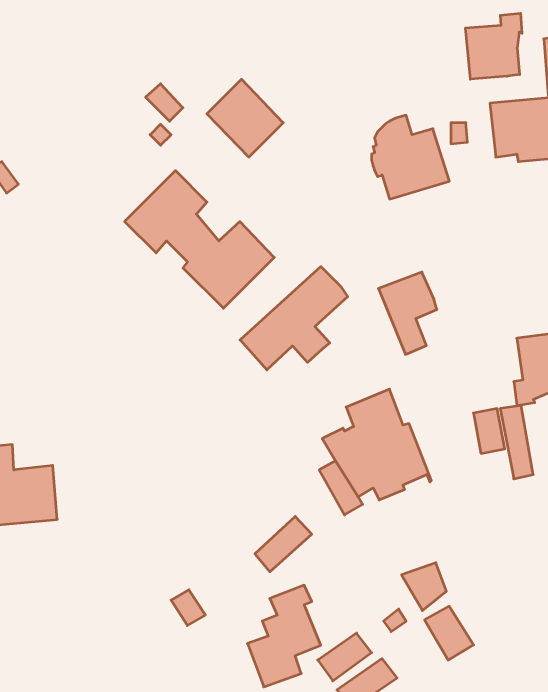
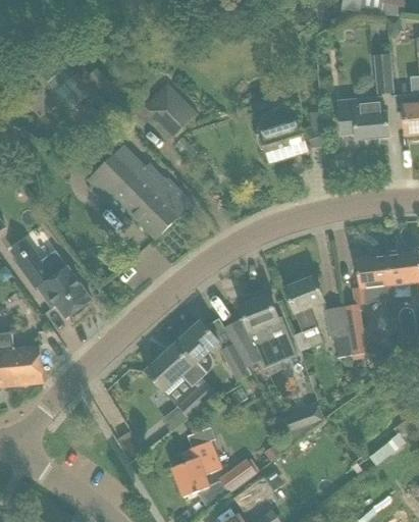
building: [466,13,522,79] -> none
building: [240,267,348,370] -> [145,320,218,390]
building: [378,272,437,354] -> [283,275,323,331]
building: none -> [14,247,91,318]
building: [425,606,474,660] -> none

